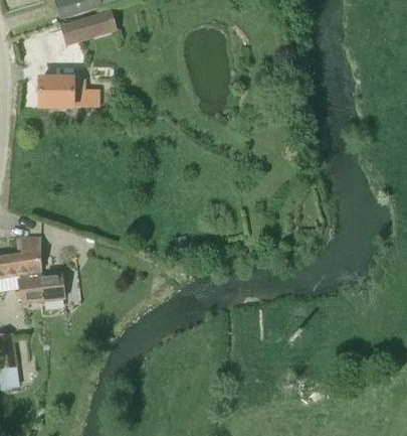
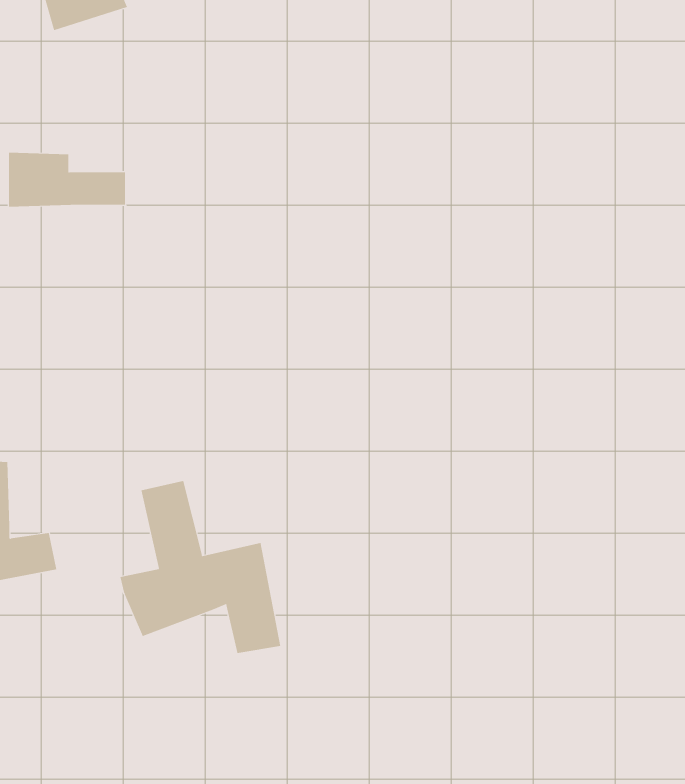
building: [62,13,113,42] -> none
building: none -> [120,480,281,654]

